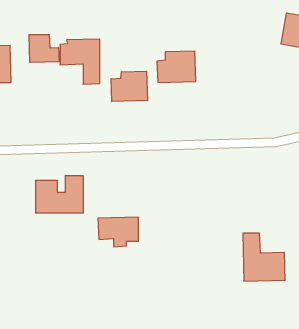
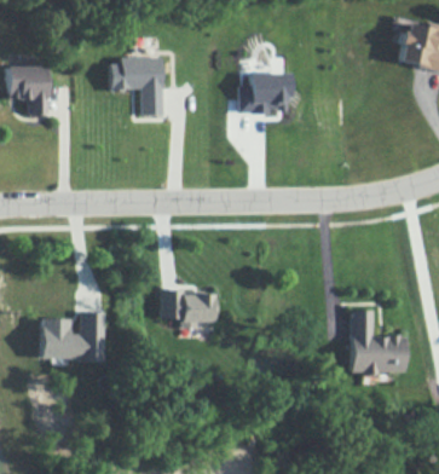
building: [29,34,59,63] -> none
building: [111,71,148,102] -> none
building: [35,176,83,213] -> [41,312,104,360]

